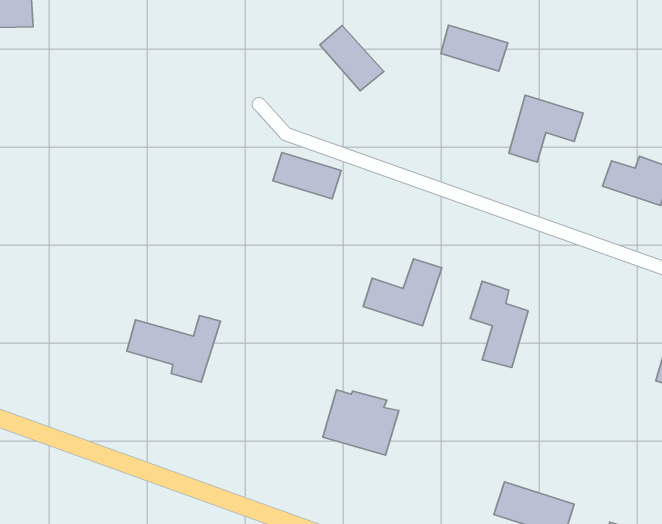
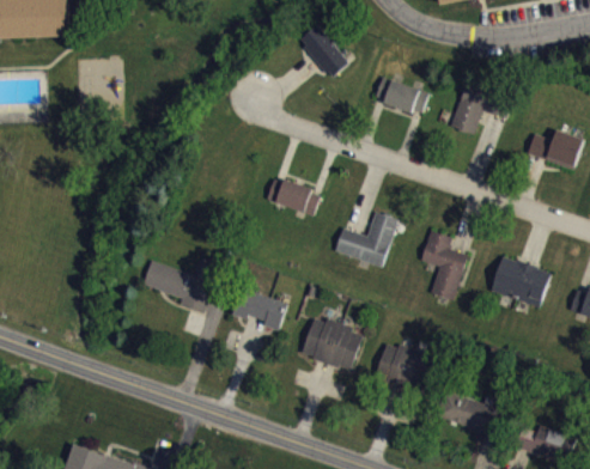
building: [441,25,508,71] -> [375,79,428,116]
building: [273,153,341,199] -> [266,179,321,217]
building: none -> [491,260,551,307]
building: none -> [233,290,288,333]
building: none -> [373,343,433,396]

